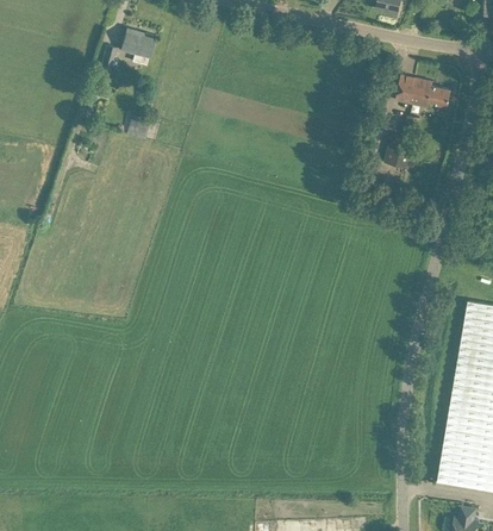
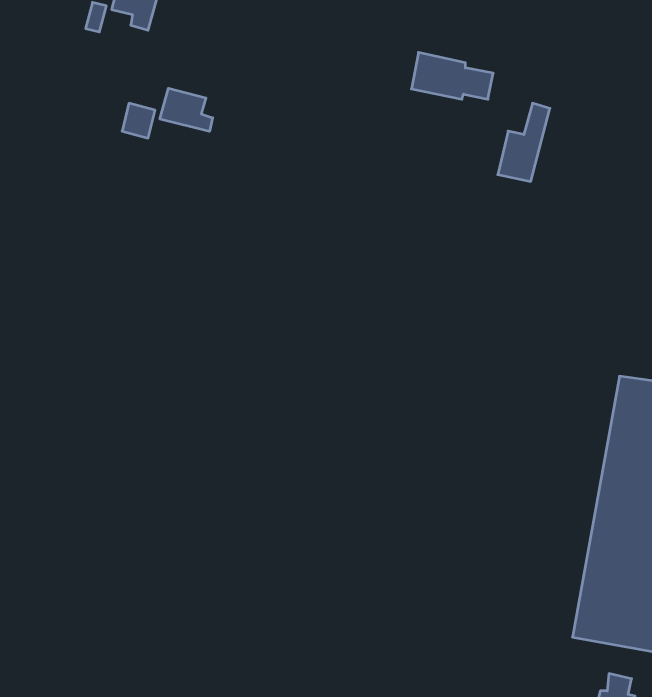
building: [395,75,451,107] -> [411,52,493,99]
building: none -> [160,88,213,131]

